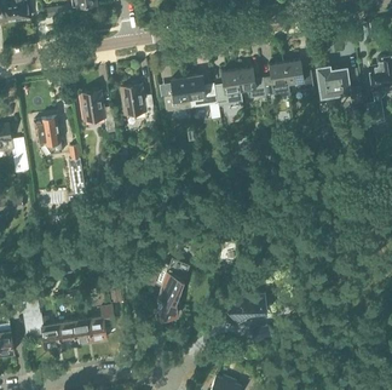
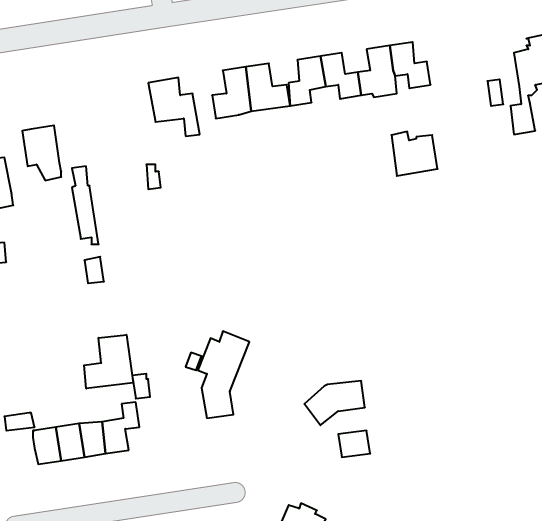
building: [317,67,348,97] -> [391,132,438,176]
building: [79,91,115,133] -> none
building: none -> [84,335,133,389]

